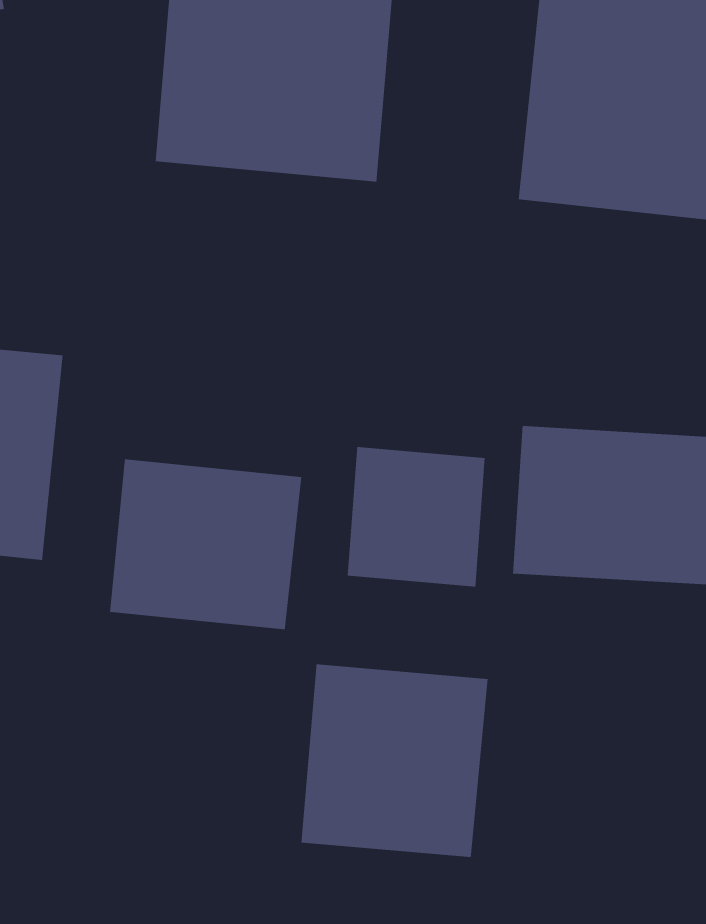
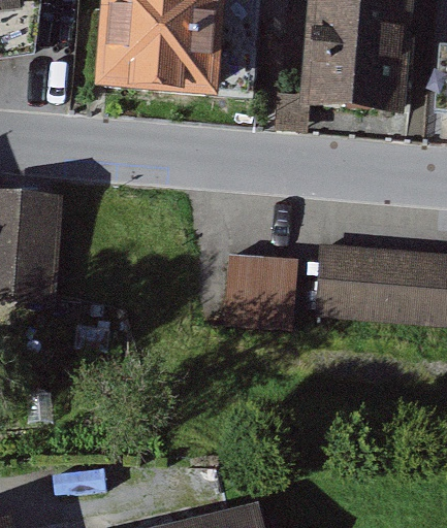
building: [109,458,302,630] -> none
building: [301,663,488,858] -> none

